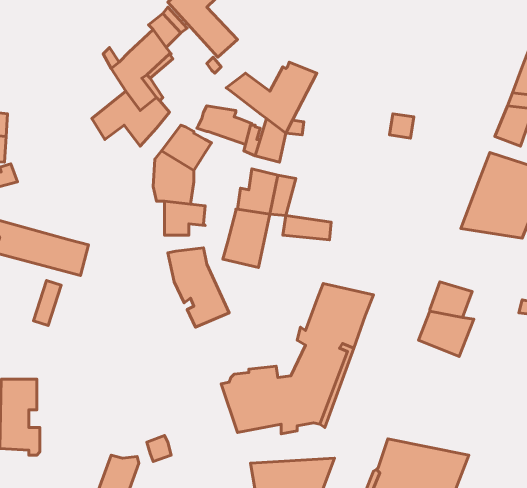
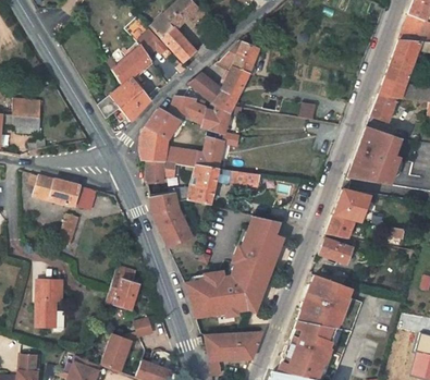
building: none -> [219,41,258,74]
building: none -> [164,147,198,167]
building: none -> [332,188,368,221]
building: none -> [106,266,137,310]
building: none -> [297,274,363,331]

